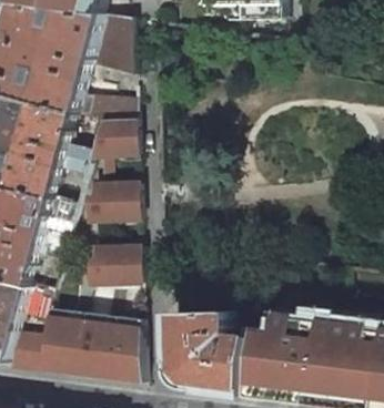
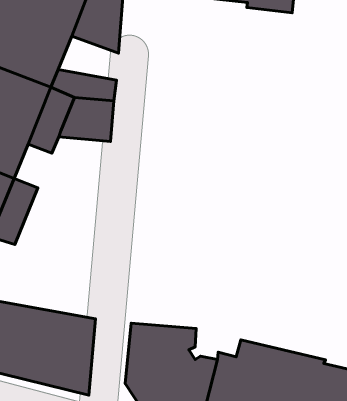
building: [77,178,128,215] -> none
building: [79,242,130,278] -> none

